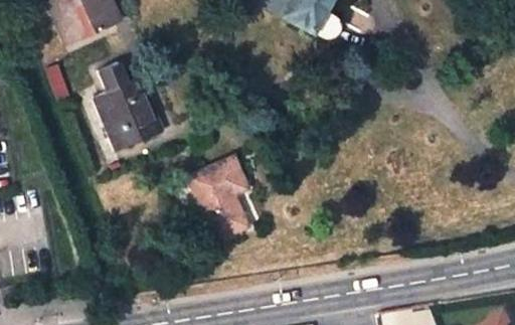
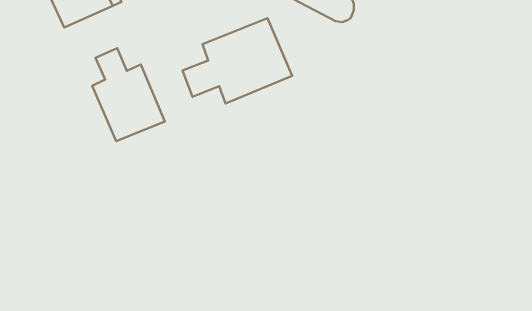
building: none -> [182,18,292,103]
building: [187,158,248,242] -> none

